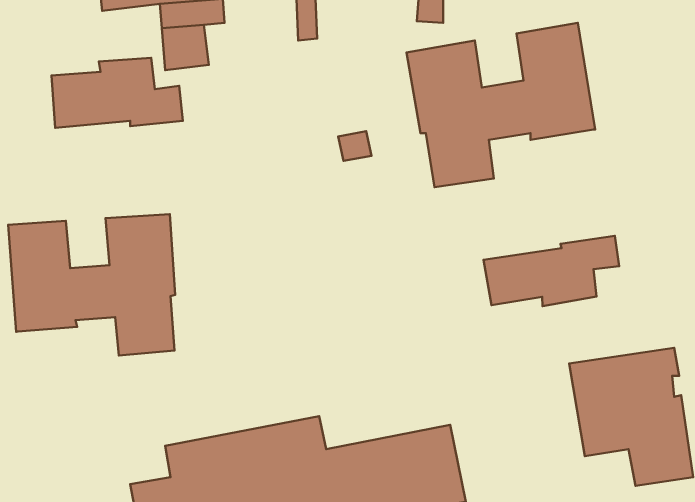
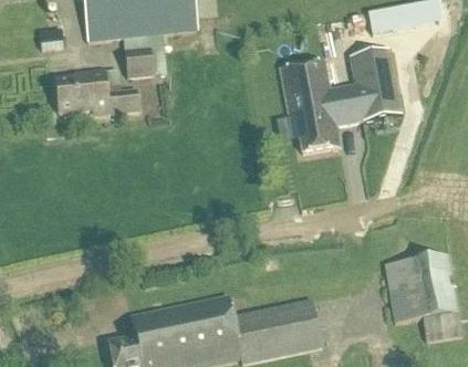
building: [8,214,175,356] -> none
building: [484,236,619,306] -> none

